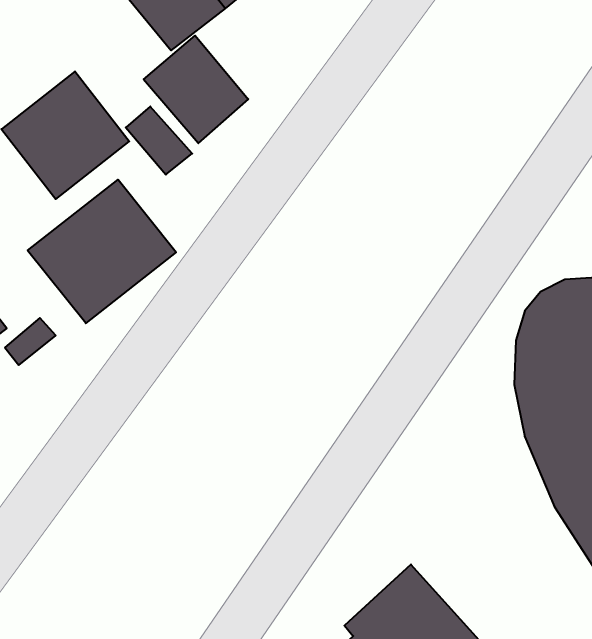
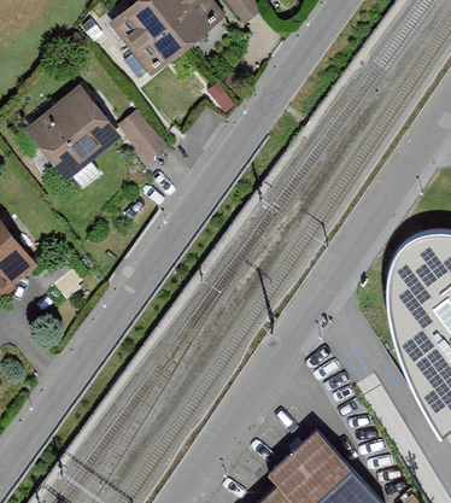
building: [144,36,248,143] -> none
building: [28,180,176,323] -> none

